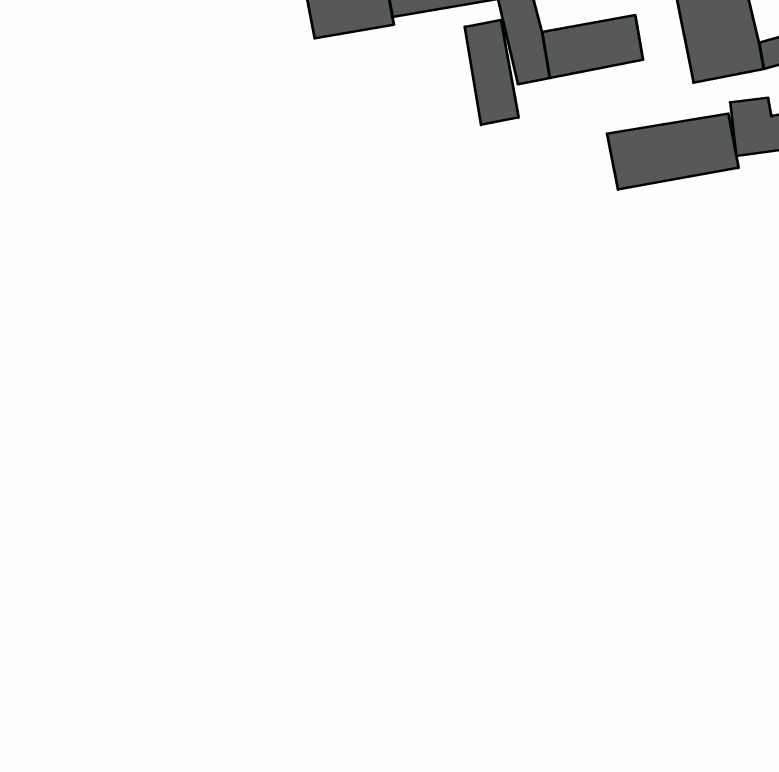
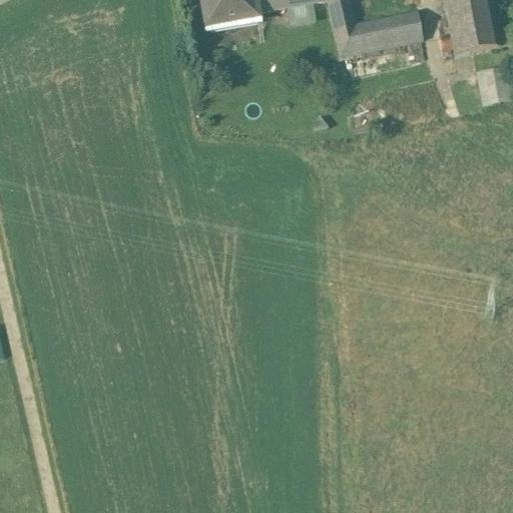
building: [465,20,518,125] -> none
building: [607,114,738,190] -> none

